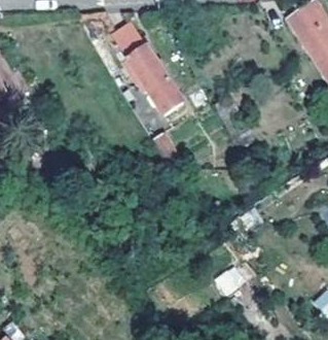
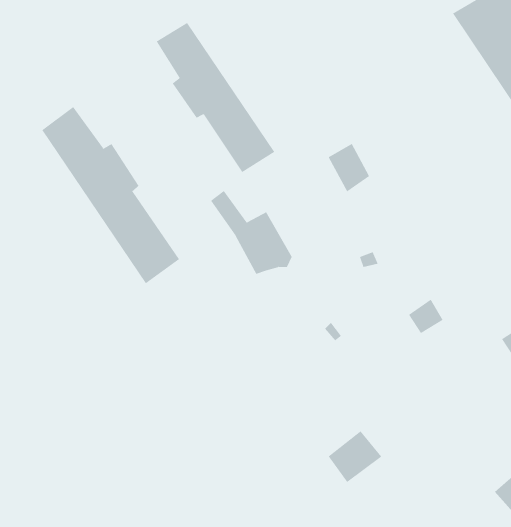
building: none -> [42,106,180,284]

